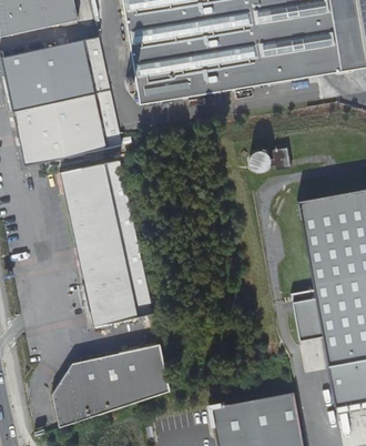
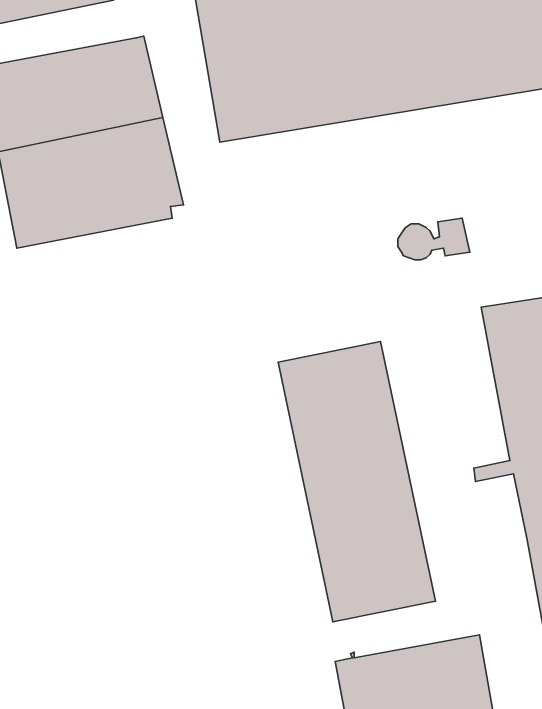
building: [61,161,153,325] -> [278,341,435,622]
building: [292,297,322,339] -> none
building: [49,345,167,427] -> none

